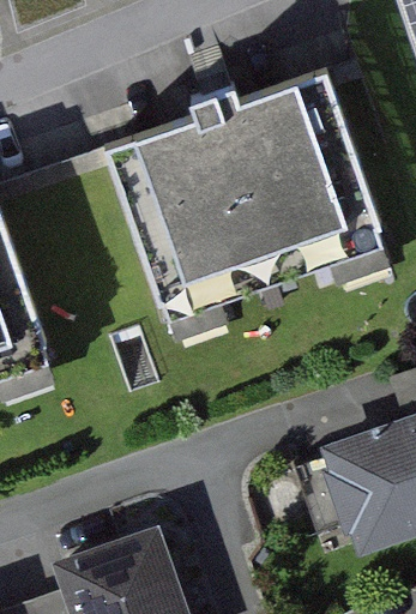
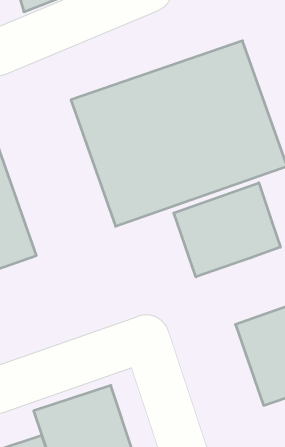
building: none -> [174,183,280,277]

